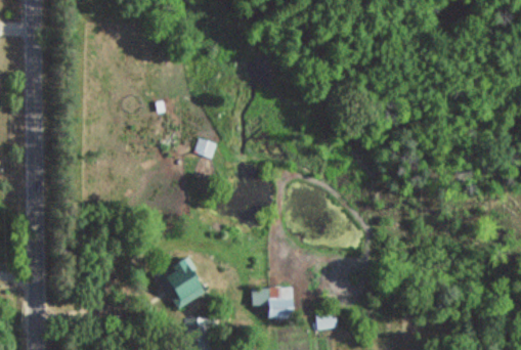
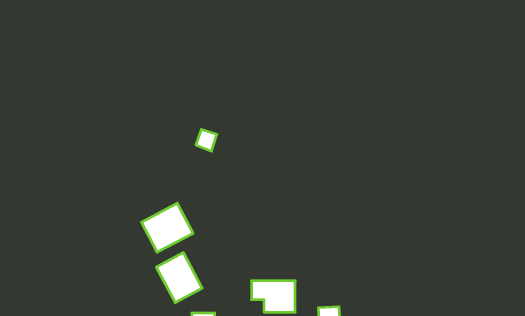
building: none -> [142,203,193,252]

